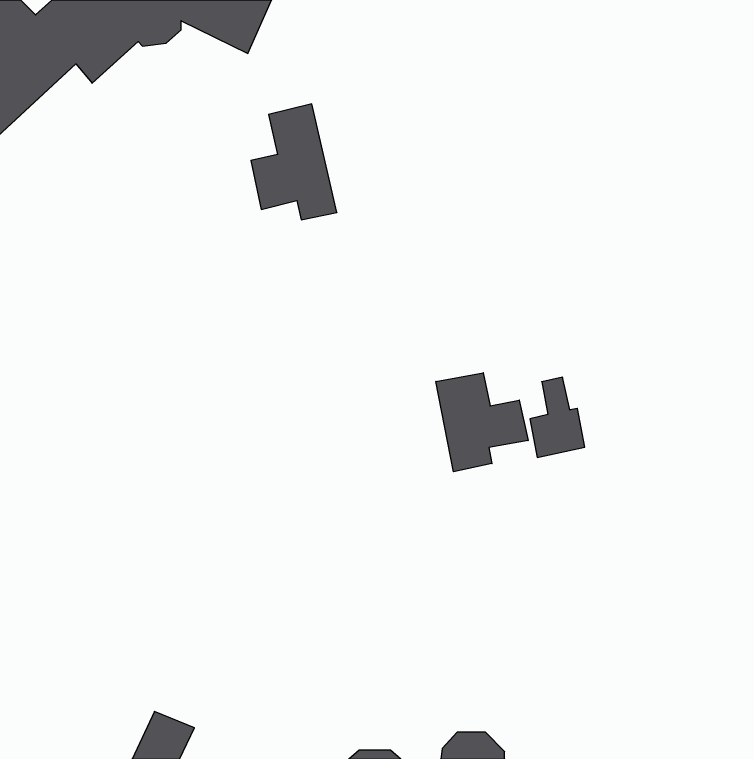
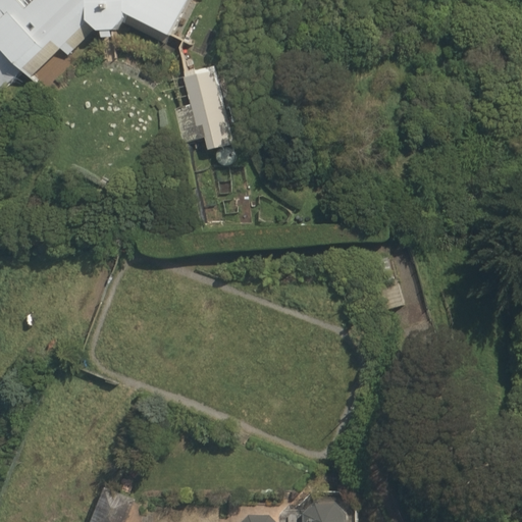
building: [436,373,528,472] -> none

